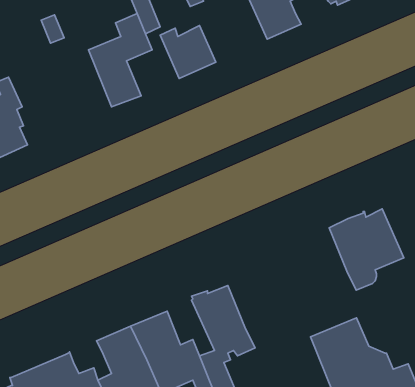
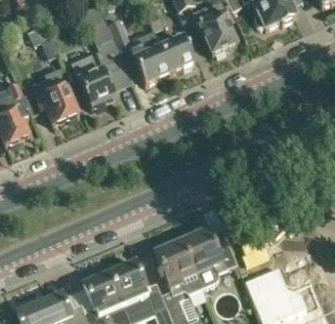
building: none -> [157,34,195,72]
building: none -> [36,68,79,125]
building: [329,209,404,290] -> [181,227,238,288]

